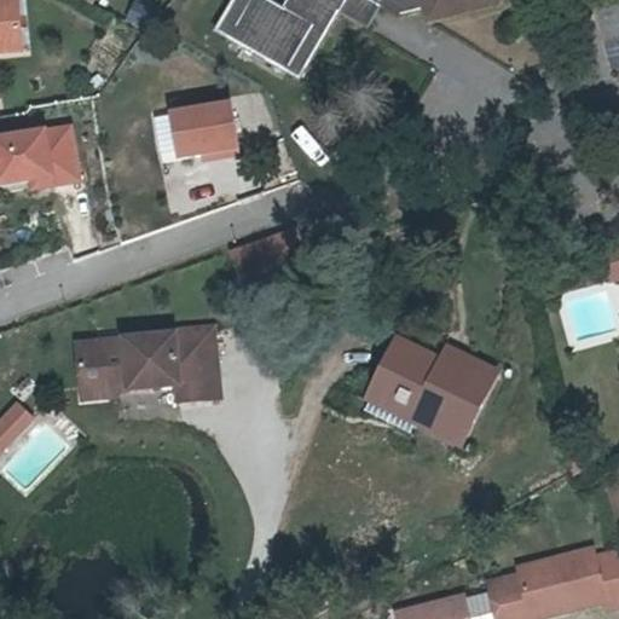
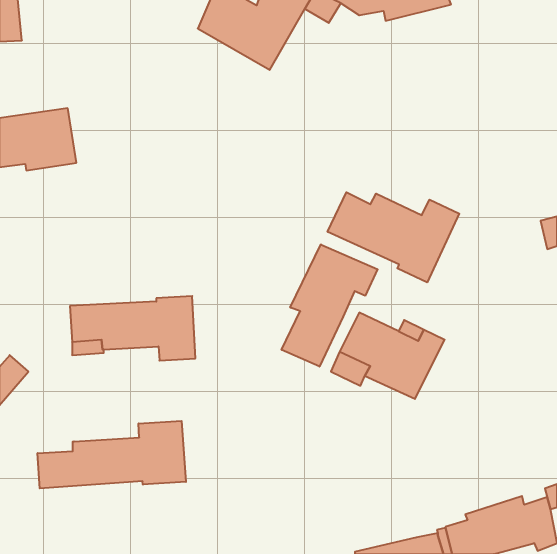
building: [169,99,243,161] -> none
building: none -> [328,192,459,282]
building: none -> [282,244,378,367]
building: none -> [38,421,186,488]

